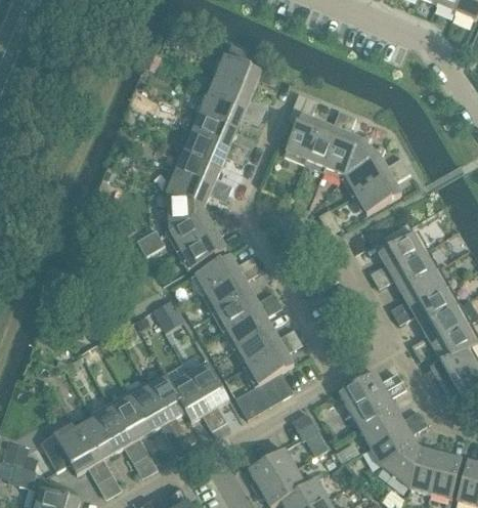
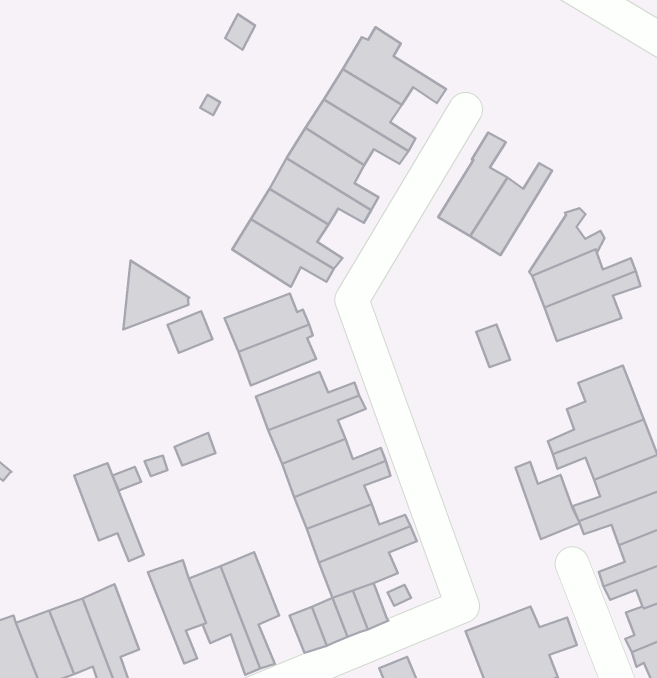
building: [324,114,359,175] -> none
building: [167,189,205,230] -> [123,261,189,329]
building: none -> [516,462,580,539]
building: [129,386,177,441] -> [74,463,144,561]

